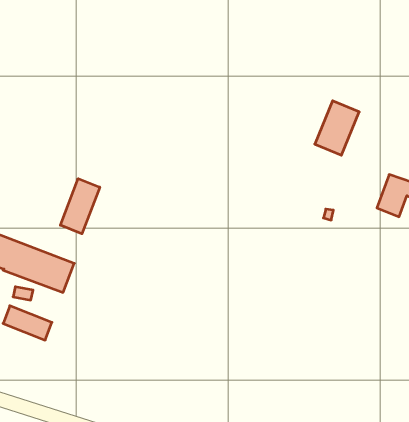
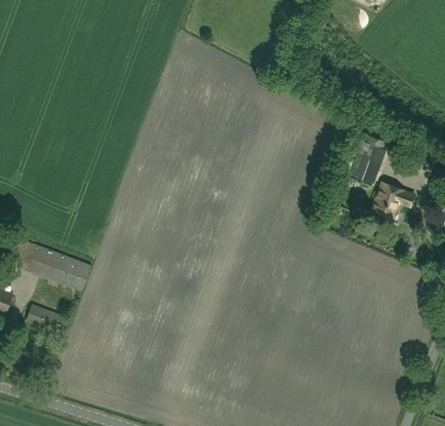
building: [315,101,359,155] -> [349,132,390,183]
building: [60,179,100,234] -> none

